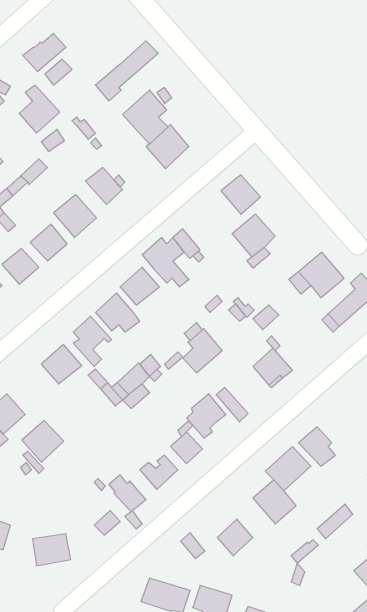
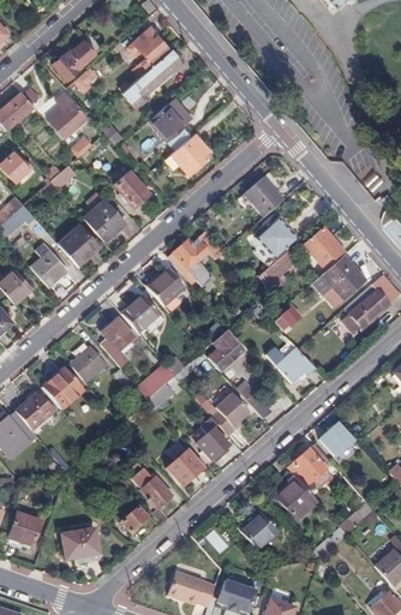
building: none -> [125,24,169,70]
building: none -> [304,226,340,267]
building: [22,420,64,462] -> [43,369,84,410]

